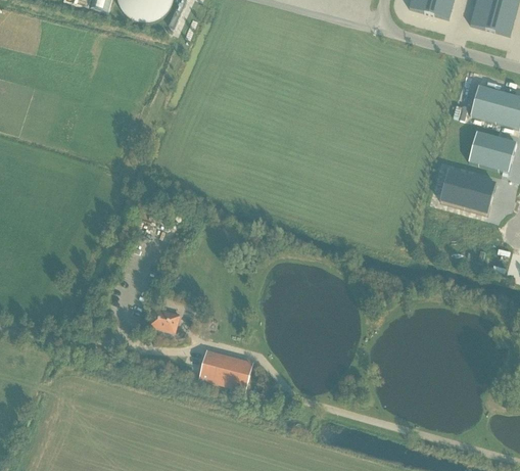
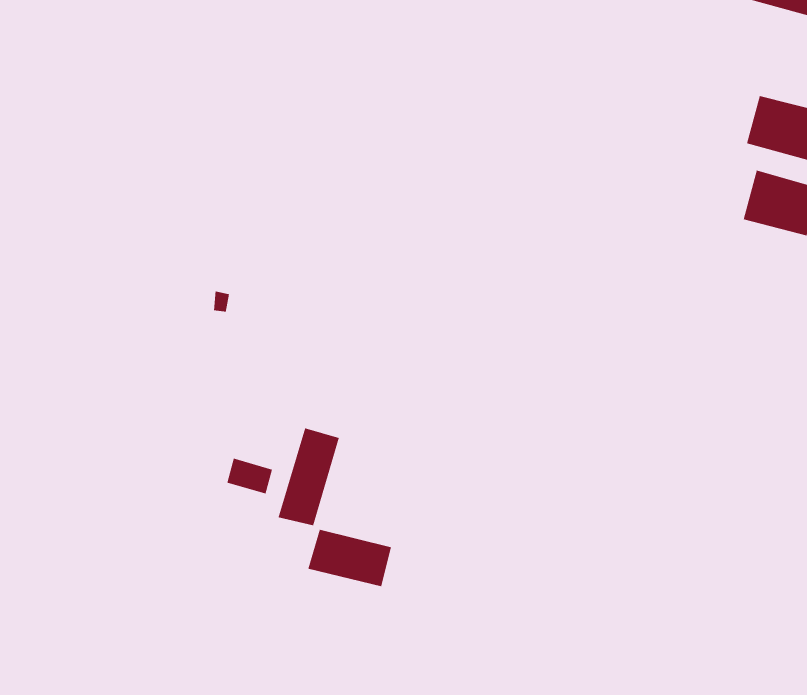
building: [439,170,493,213] -> none
building: none -> [278,427,340,526]

